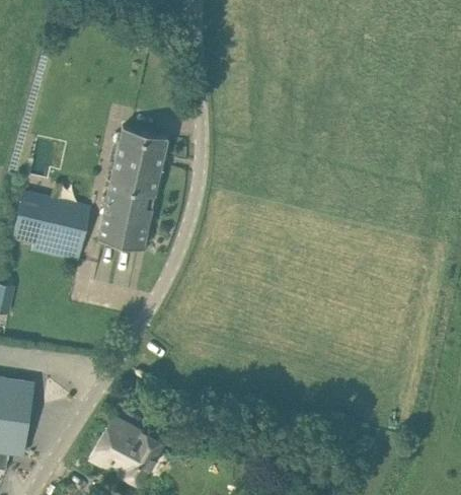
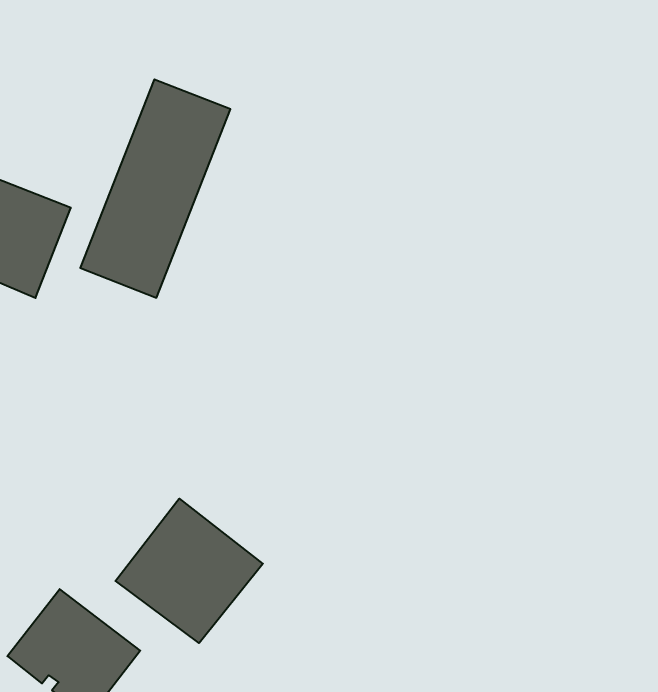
building: none -> [115,499,263,643]

